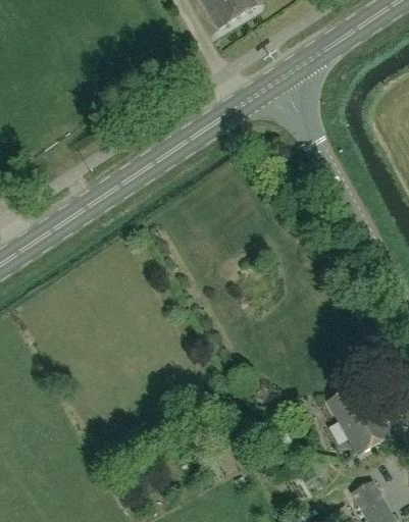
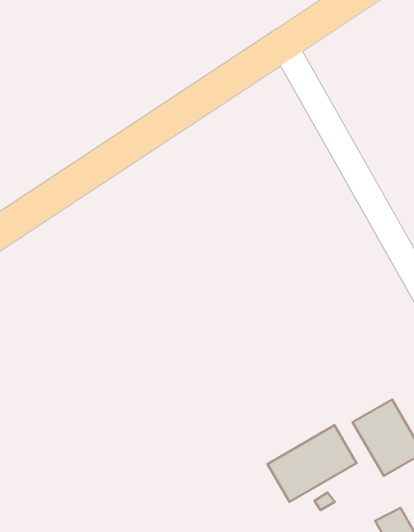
building: none -> [268,425,356,502]

